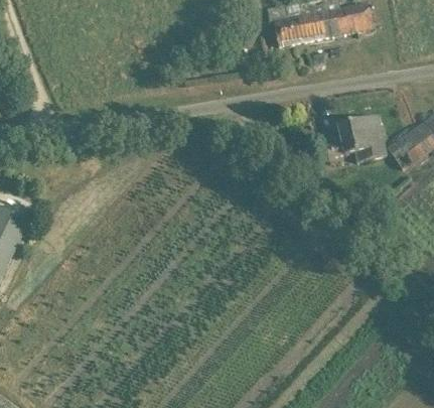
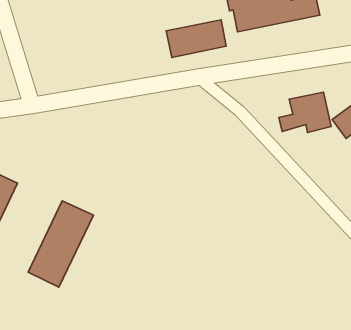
building: none -> [166,20,226,58]
building: none -> [28,201,93,287]

